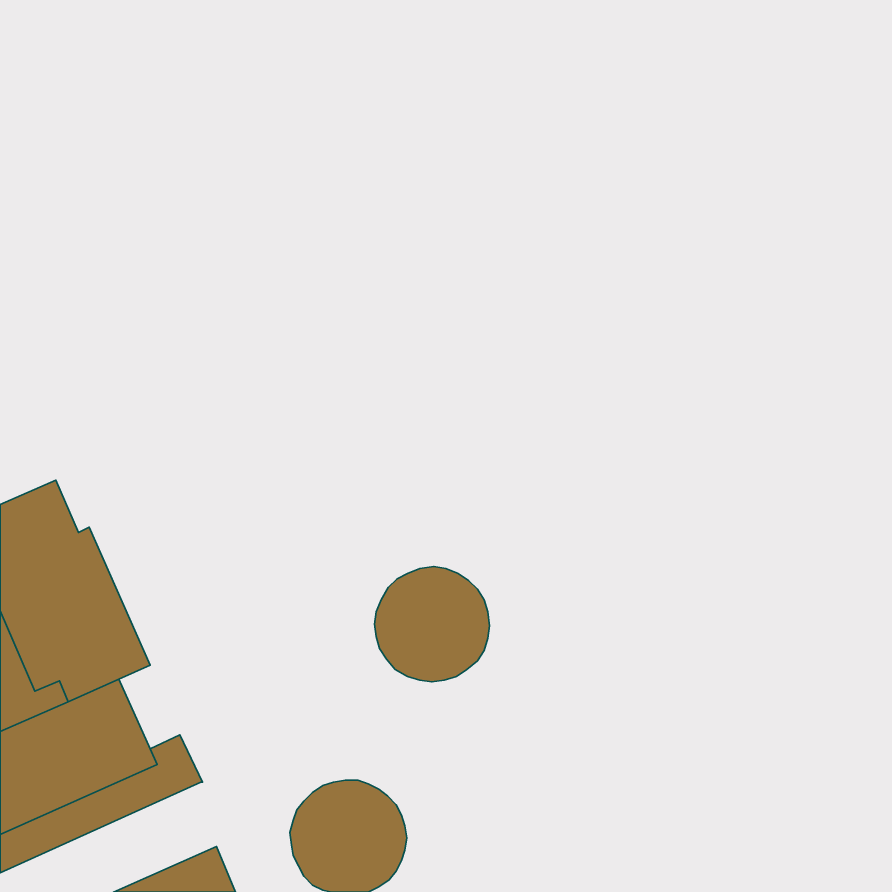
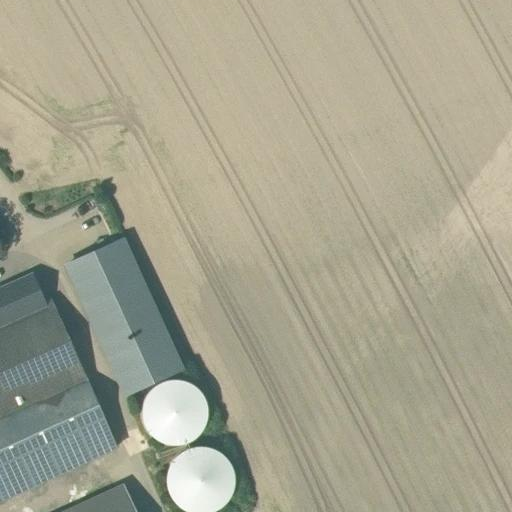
building: none -> [66,241,180,394]
building: [374,567,490,682] -> [141,379,207,445]
building: none -> [68,381,103,429]

